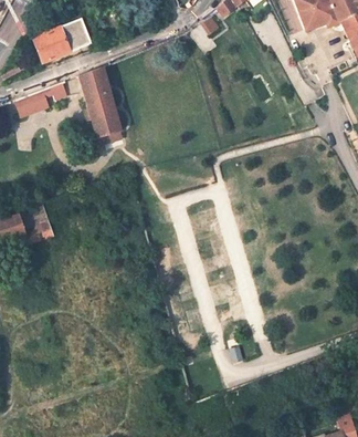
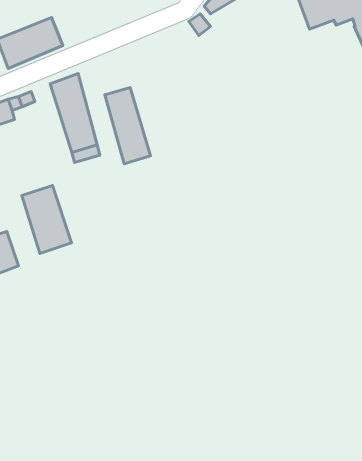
building: none -> [105,88,151,164]
building: none -> [22,185,71,253]

